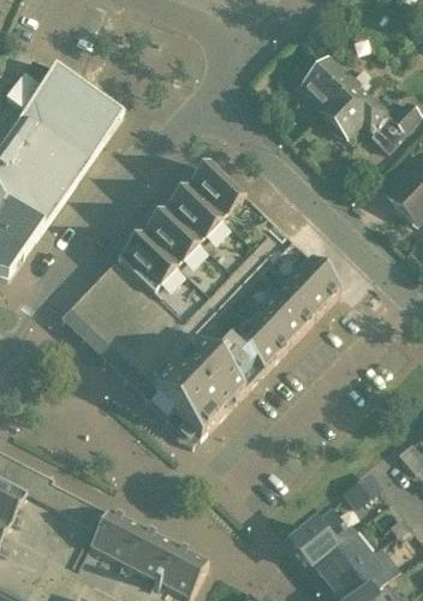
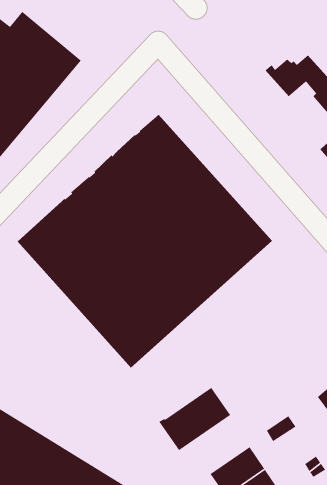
building: [300,55,374,107] -> none
building: none -> [158,387,231,451]

